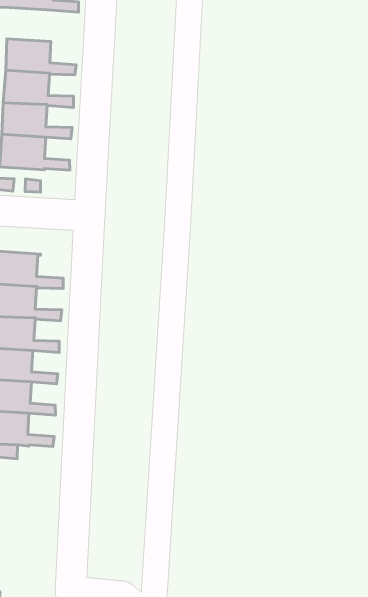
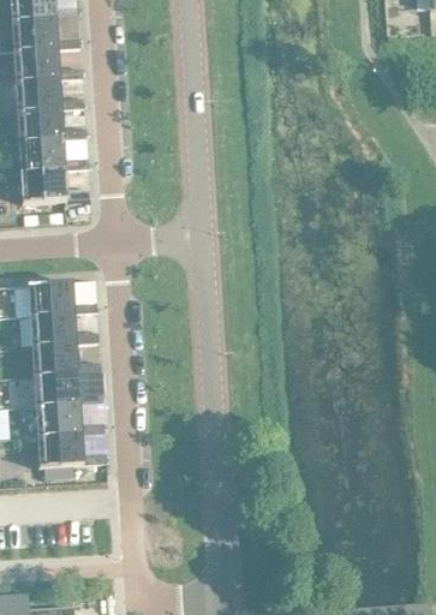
building: none -> [13,46,82,78]

